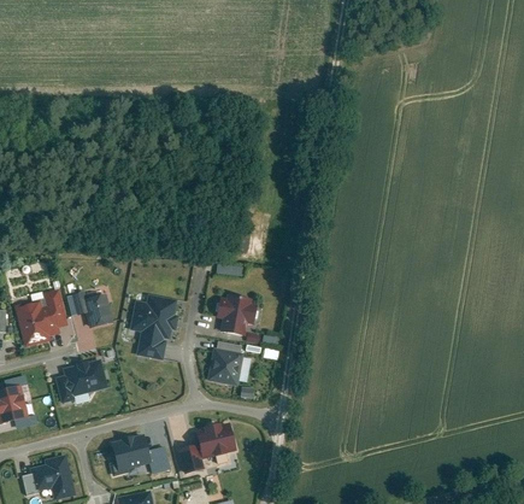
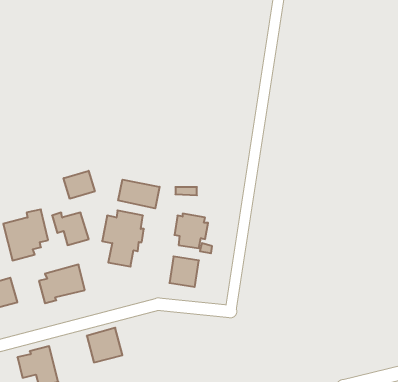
building: none -> [64,171,95,199]
building: none -> [118,180,160,208]
building: [195,424,234,464] -> none

